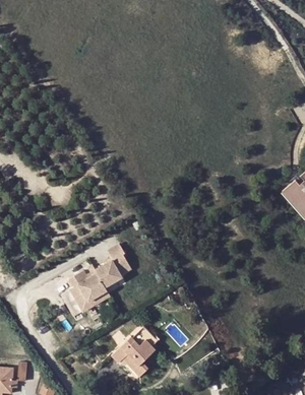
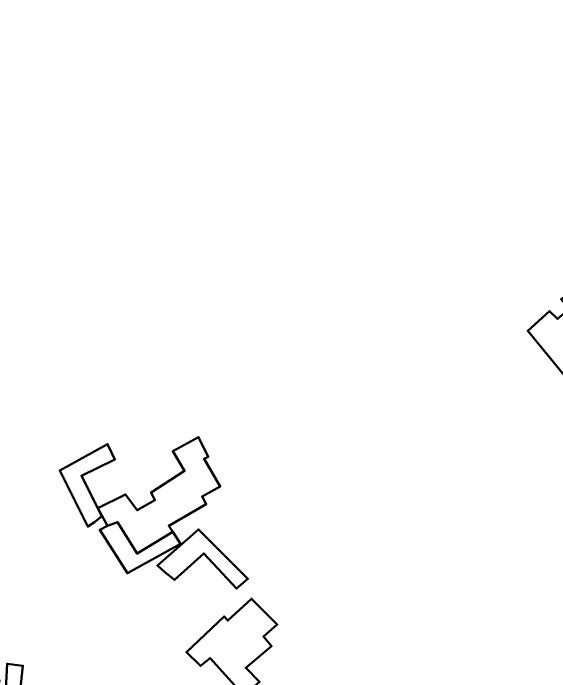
building: none -> [60,444,115,526]
building: none -> [157,529,248,589]

